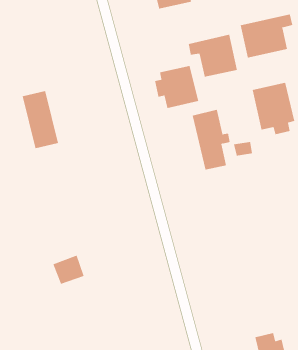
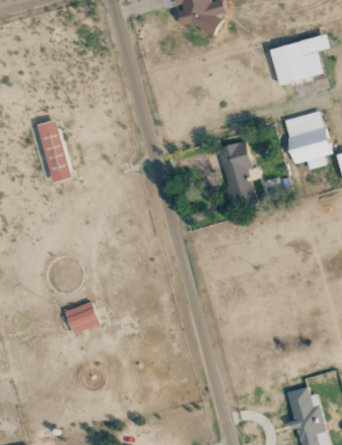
building: [188,34,238,78] -> none
building: [154,65,199,109] -> none

